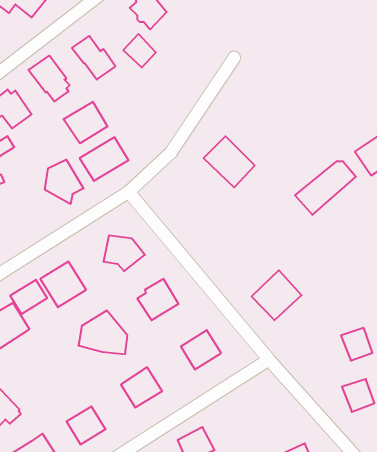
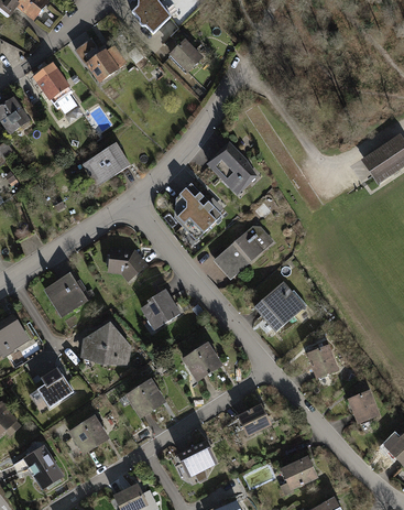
building: [123,34,156,68] -> [171,41,204,75]
building: [63,102,108,143] -> none
building: [45,160,83,204] -> none
building: [295,161,356,215] -> [211,224,273,278]
building: none -> [174,182,221,239]
building: [10,280,47,314] -> none
building: [341,328,372,361] -> [307,344,339,377]
building: none -> [35,367,72,408]
building: none -> [238,402,273,435]

